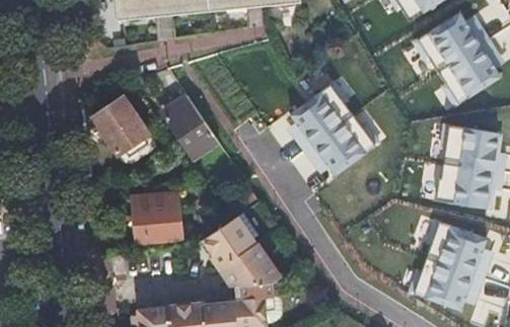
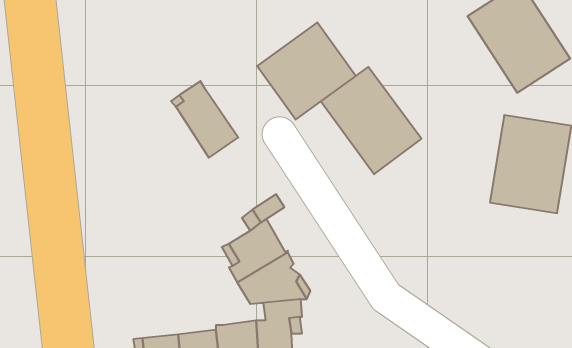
building: none -> [257,22,356,120]
building: [92,96,149,155] -> none
building: [130,192,181,242] -> none
building: [413,222,488,312] -> none

